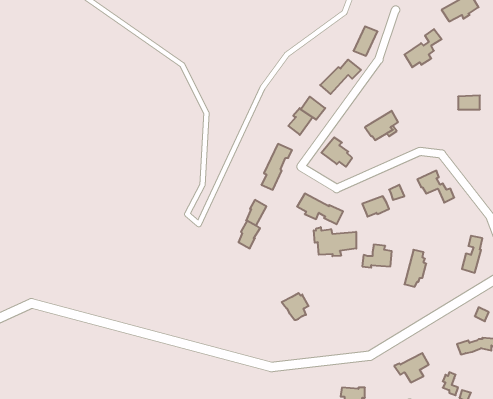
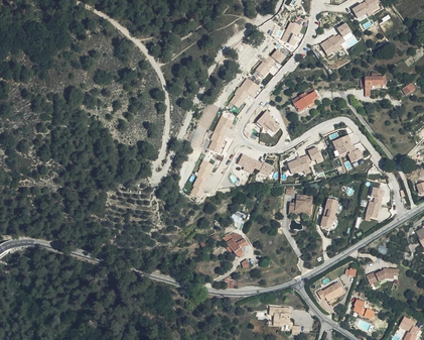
building: [314,227,356,256] -> none

